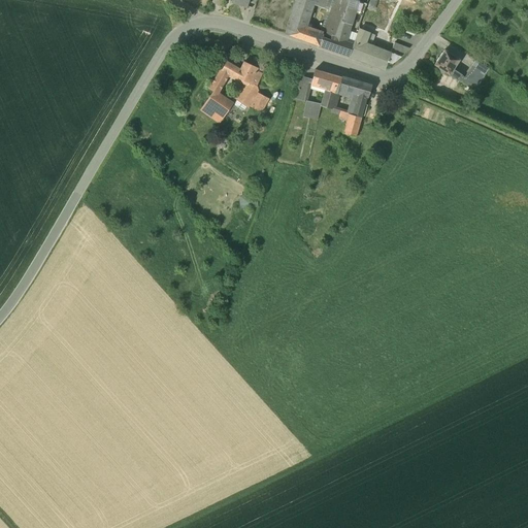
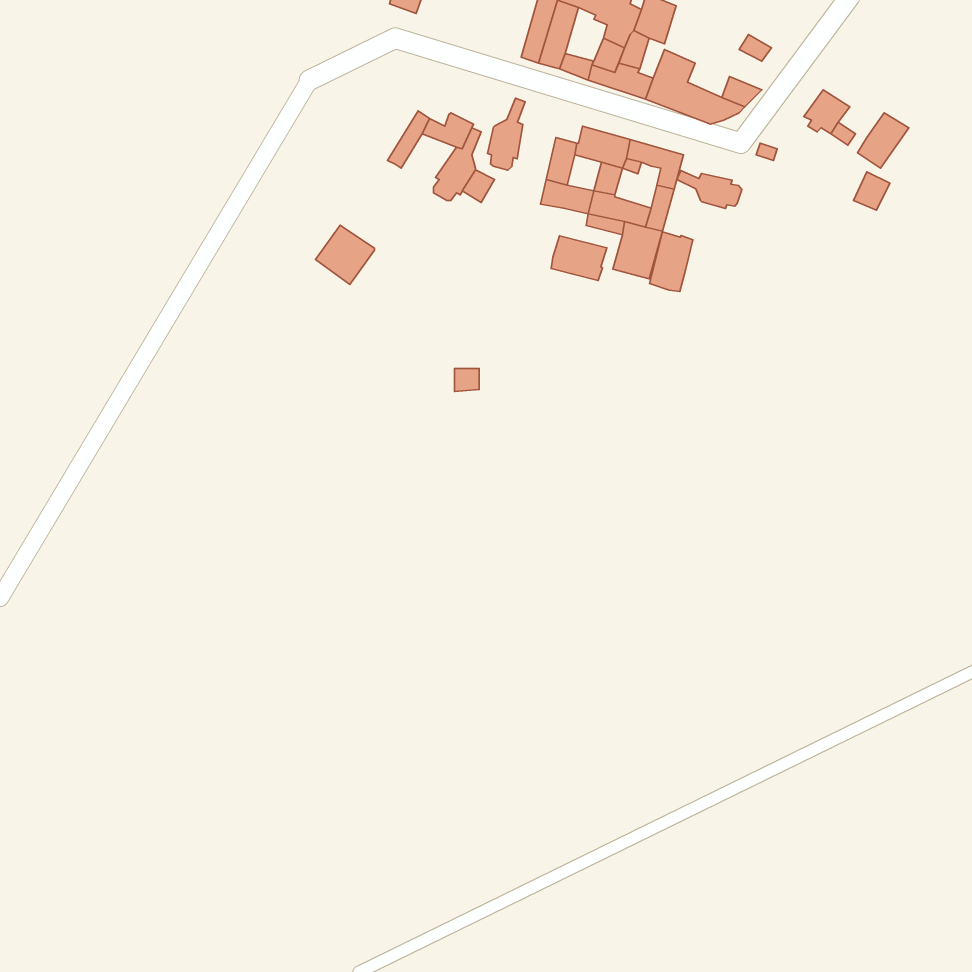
building: none -> [487,98,525,170]
building: [202,89,234,121] -> [315,225,375,284]
building: none -> [677,170,742,209]
building: none -> [649,232,693,292]
building: none -> [551,236,607,280]

